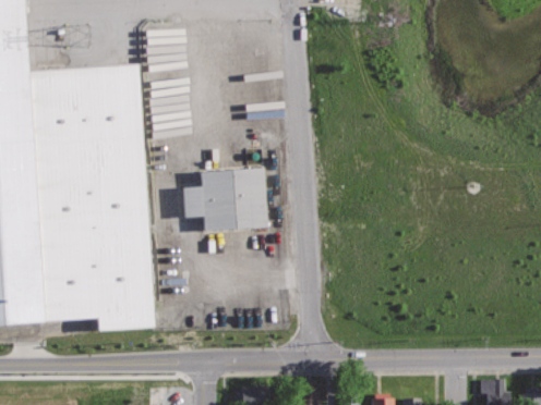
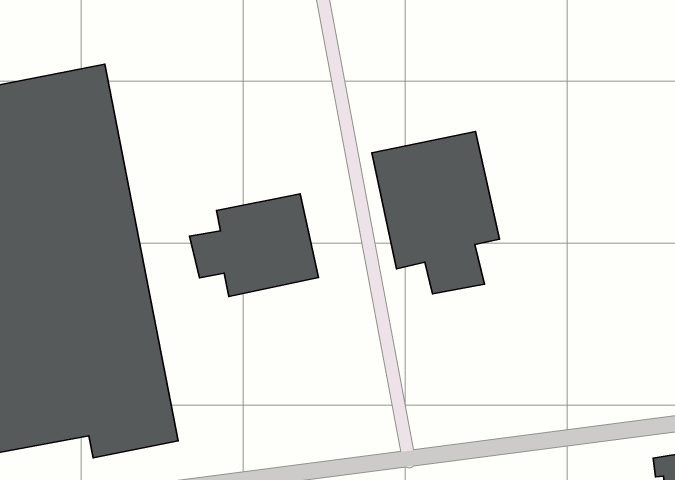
building: none -> [372,132,500,294]

